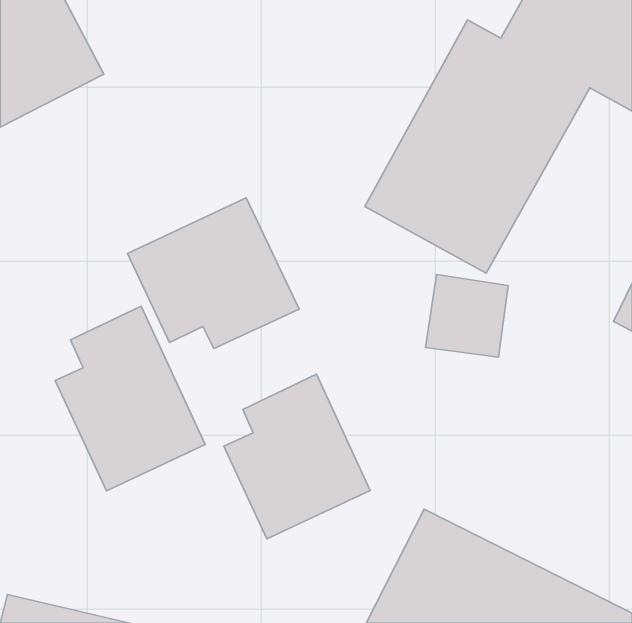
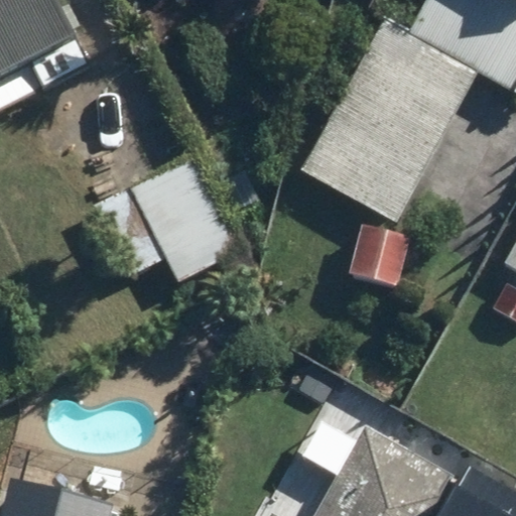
building: [55,306,205,491] -> none
building: [224,374,370,539] -> none

